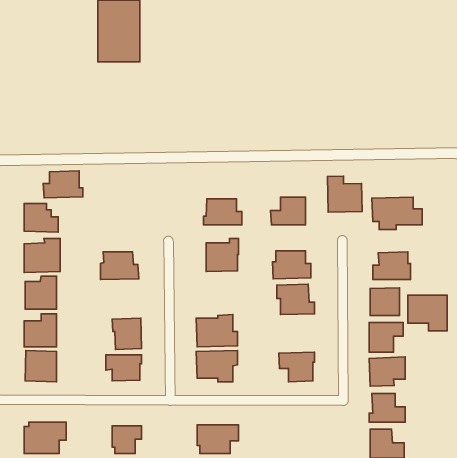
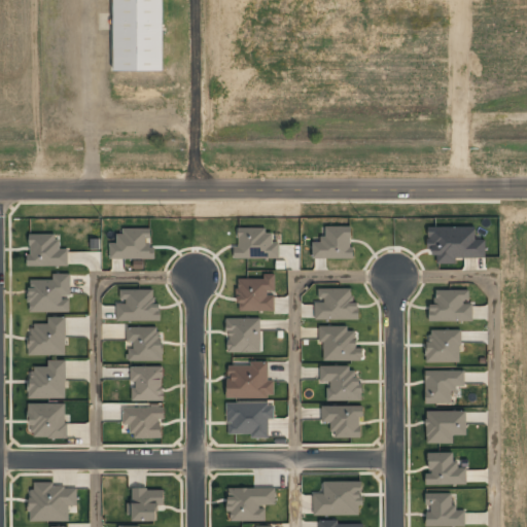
building: [43,171,83,198] -> [108,229,153,259]
building: [328,176,362,212] -> none
building: none -> [226,318,259,353]
building: none -> [126,327,160,361]
building: [408,295,447,331] -> none
building: none -> [319,366,361,401]
building: none -> [312,481,361,516]

